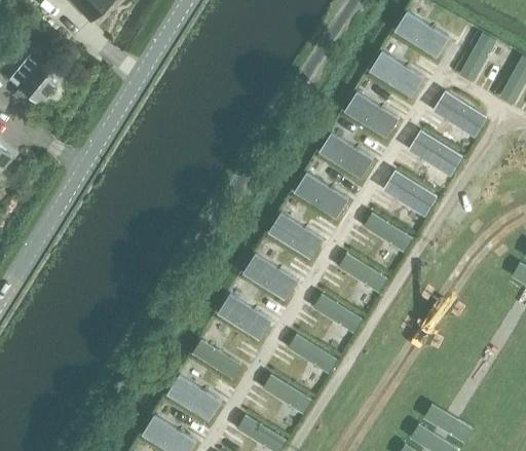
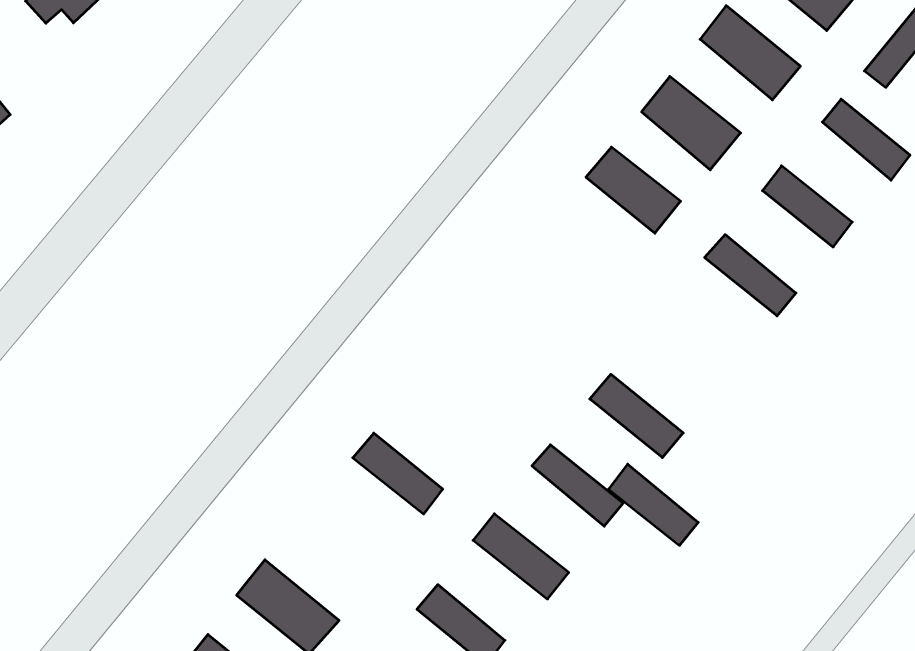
building: [294,174,347,218] -> none
building: [363,213,412,252] -> [609,464,698,545]
building: [267,220,316,259] -> none
building: [241,260,290,299] -> none
building: [191,341,239,379] -> none

